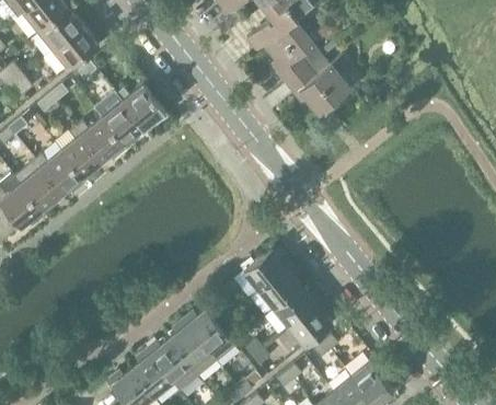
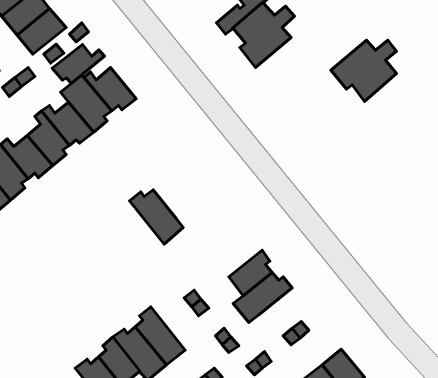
building: [286,55,350,115] -> [331,40,397,101]
building: none -> [52,44,105,84]
building: [243,248,292,290] -> none
building: [289,301,333,347] -> none
building: [183,309,235,362] -> [130,190,183,244]

